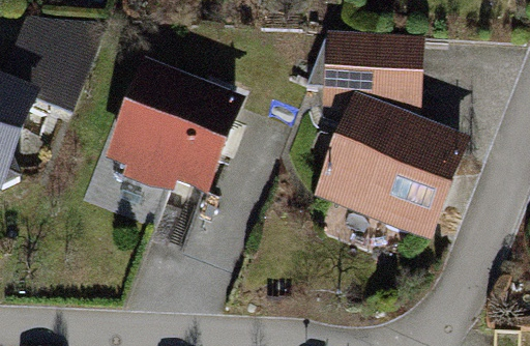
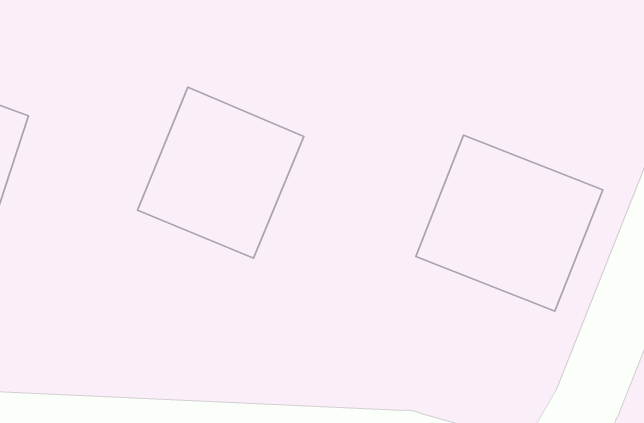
building: [10,15,107,100] -> none
building: [328,38,421,106] -> none

